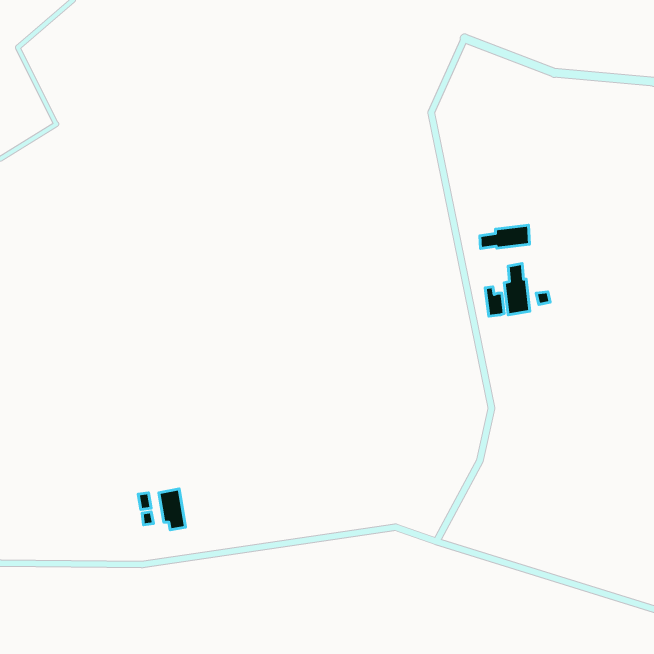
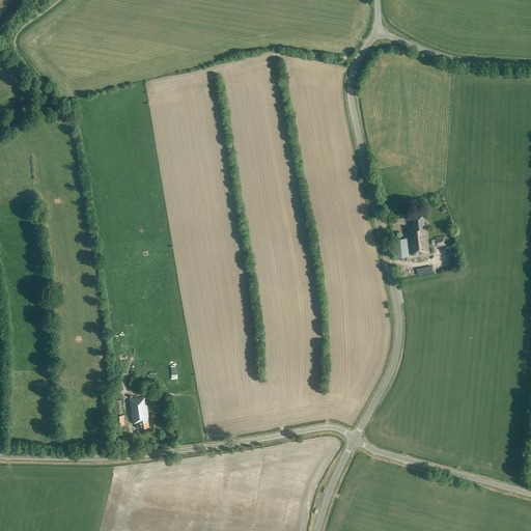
building: [480,225,529,248] -> none

